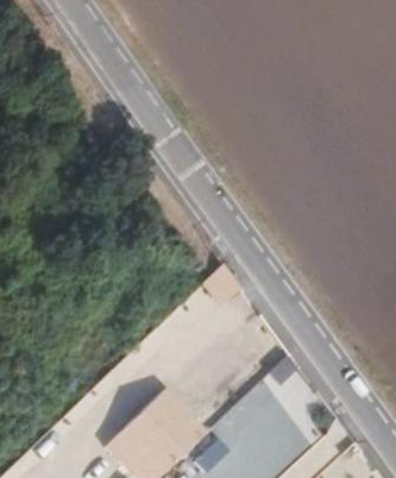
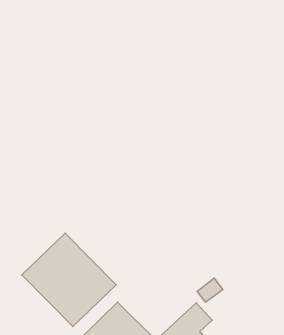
building: none -> [22,233,116,327]

